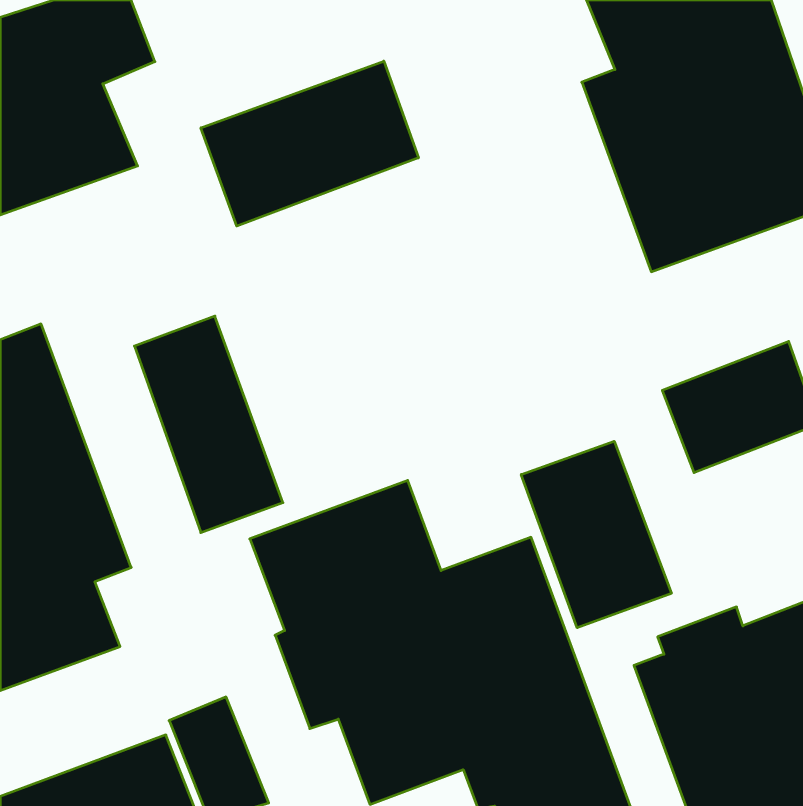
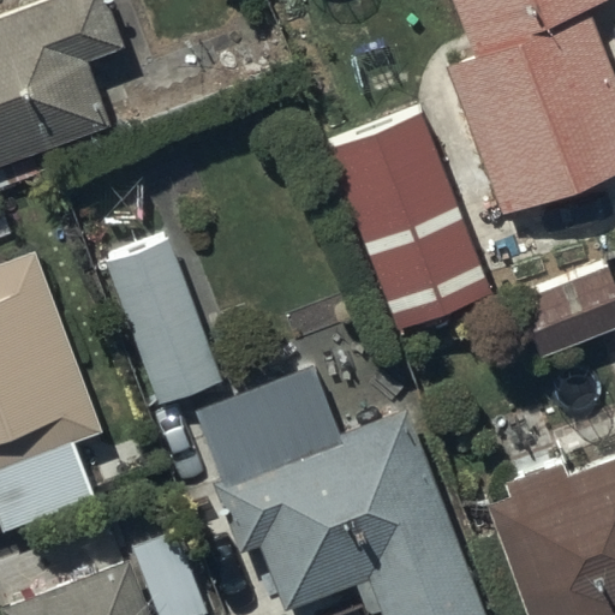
building: [201,61,418,226] -> none
building: none -> [330,115,485,326]
building: [521,441,671,628] -> none

